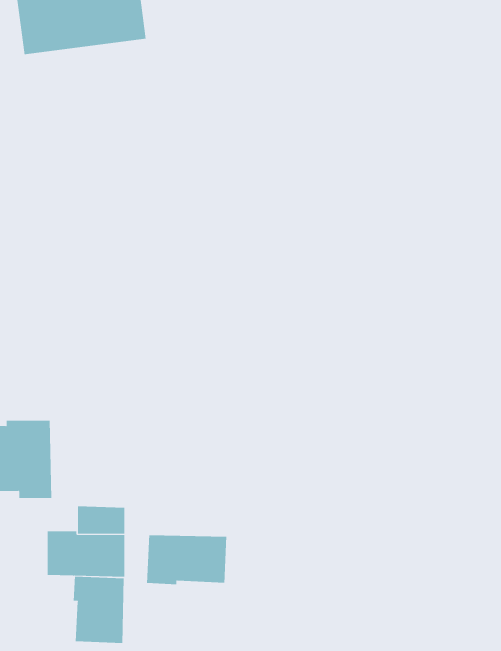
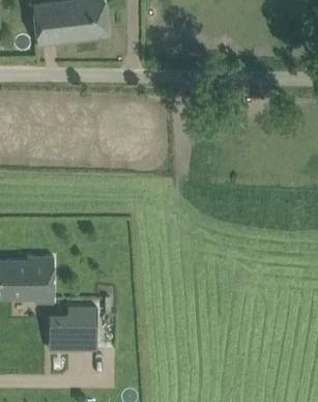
building: [147,534,227,585] -> none
building: [73,576,124,644] -> none

